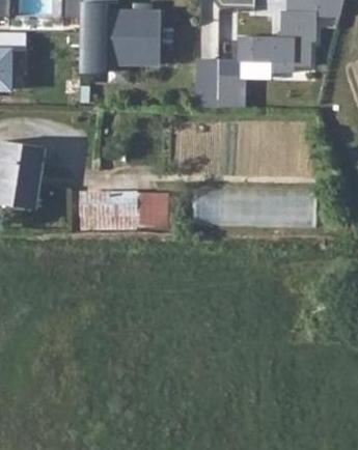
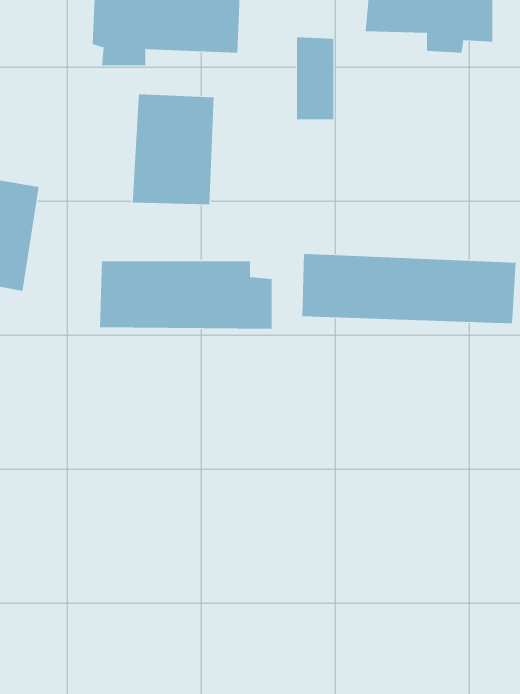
building: [217,77,249,109] -> none
building: none -> [132,94,214,205]

